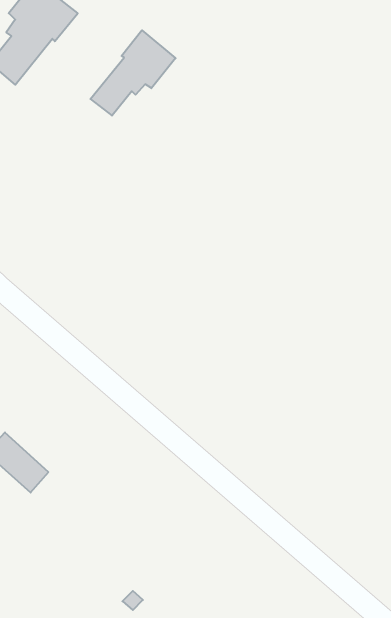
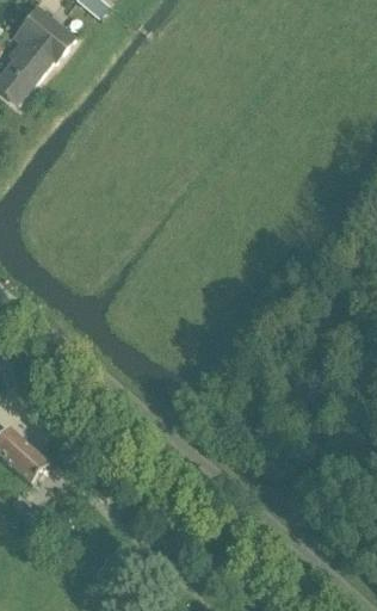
building: [90,30,176,116] -> none

